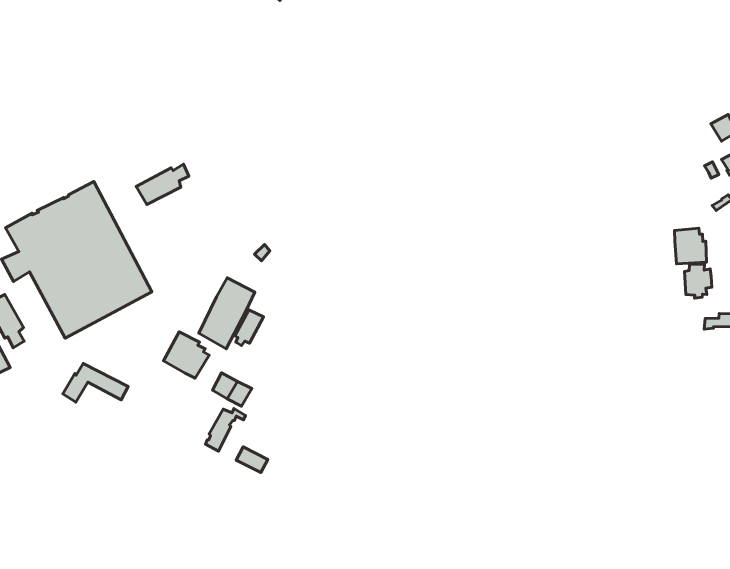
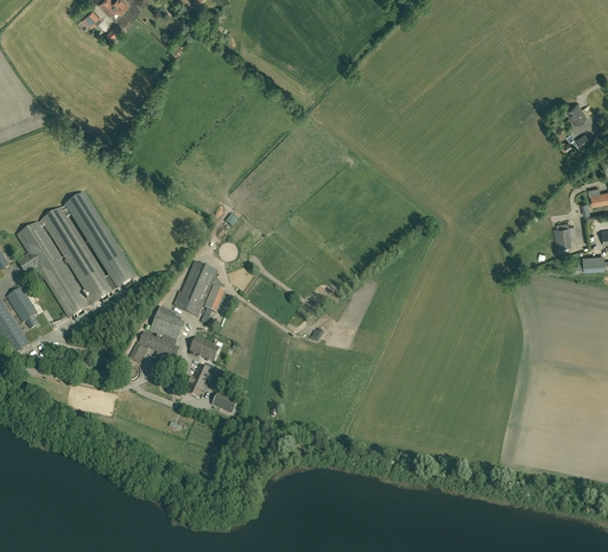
building: [136,164,189,205] -> none
building: [674,228,707,264] -> none
building: [63,364,128,402] -> [129,332,180,363]

